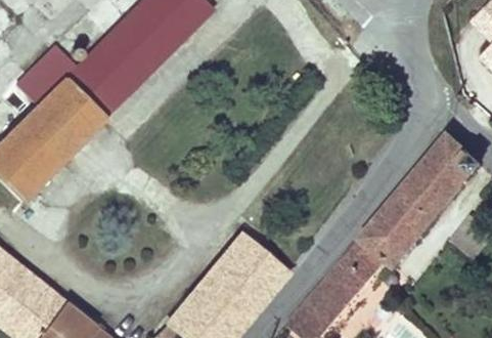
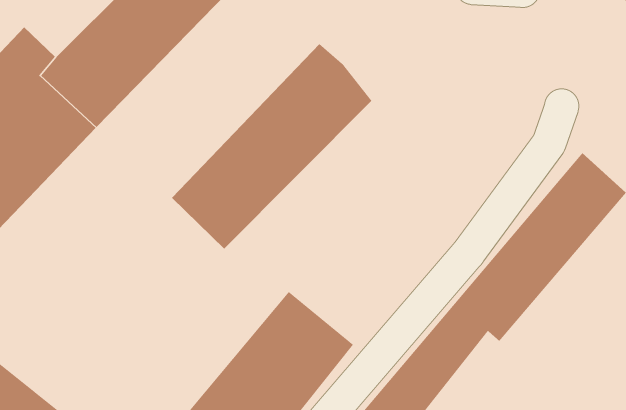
building: none -> [171,43,372,249]

